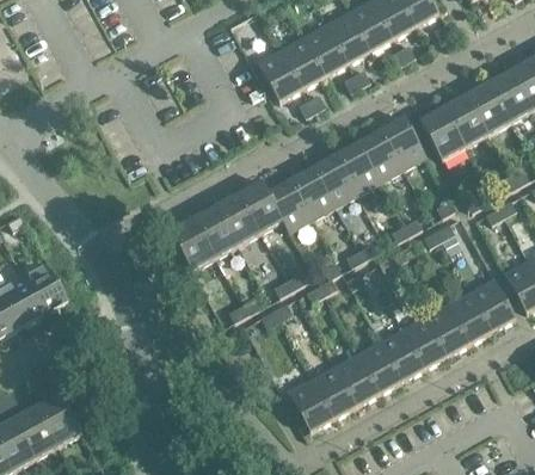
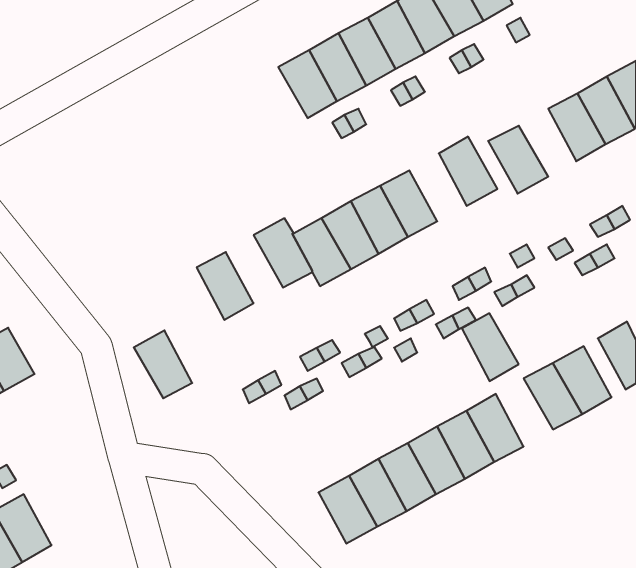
building: [443,94,487,147] -> none
building: [358,129,402,181] -> none
building: [216,192,260,245] -> none
building: [170,217,215,270] -> [134,330,192,398]
building: [425,303,469,356] -> [462,313,519,381]

